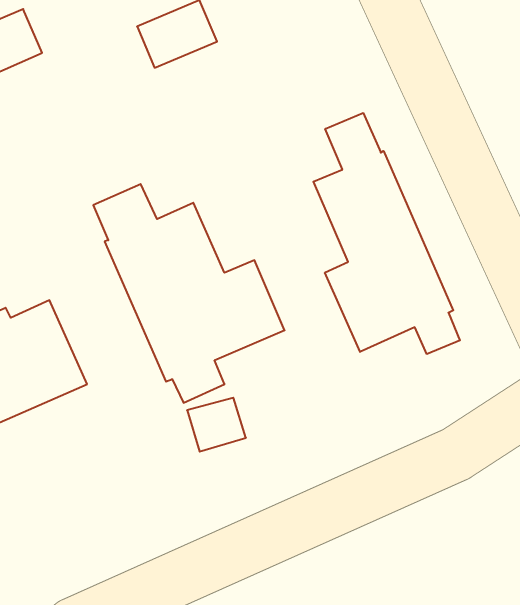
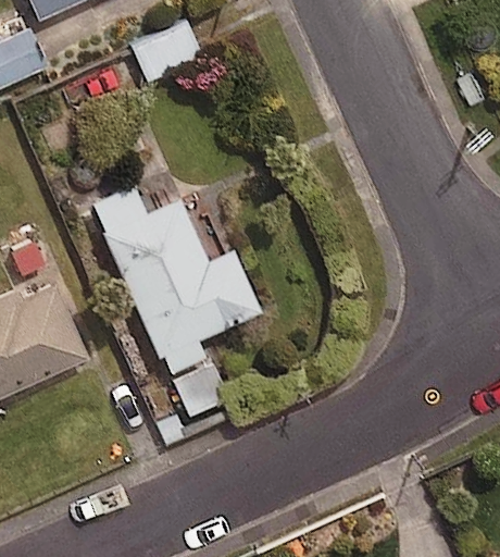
building: [313,113,460,354] -> none

